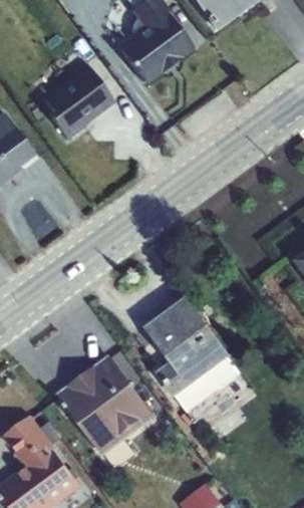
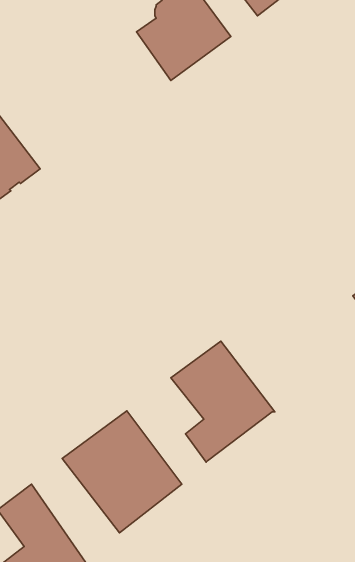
building: [40,62,113,139] -> none
building: [175,355,240,412] -> none

